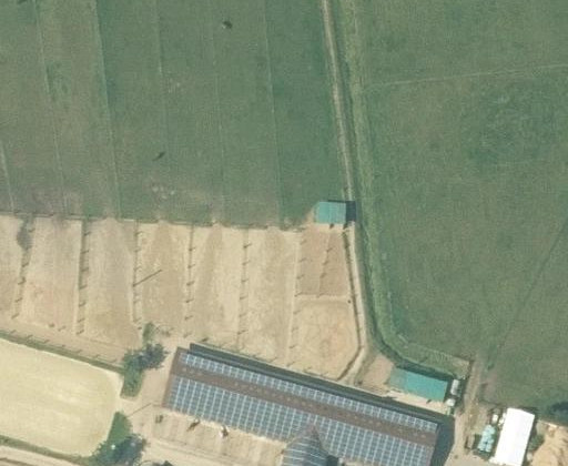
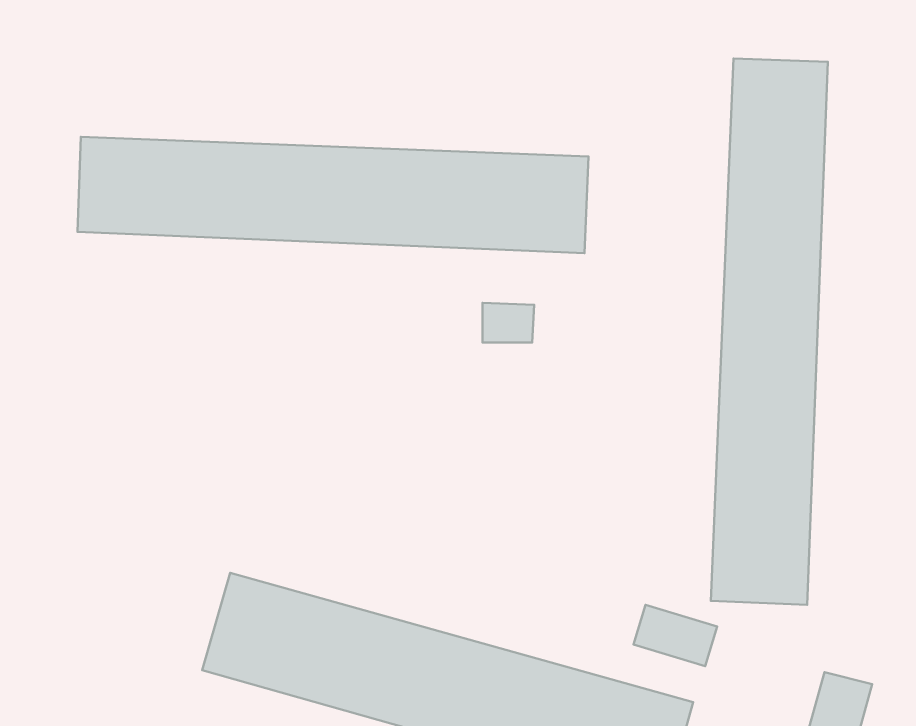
building: none -> [711,59,828,605]
building: none -> [77,137,589,253]

